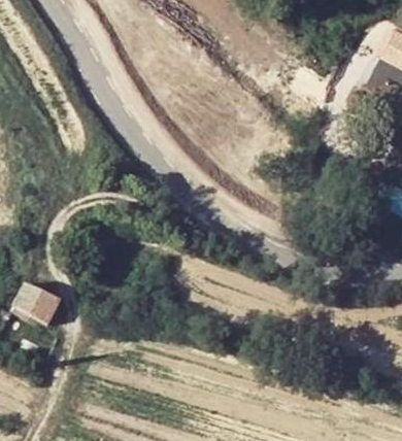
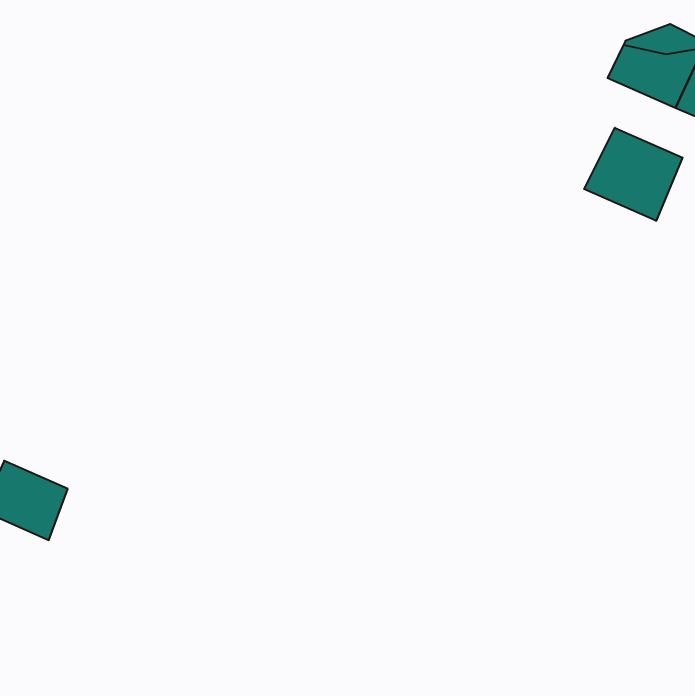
building: none -> [584,128,683,221]

